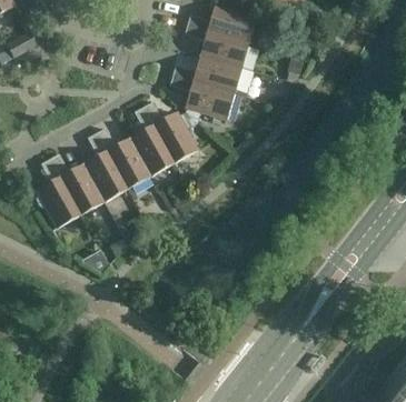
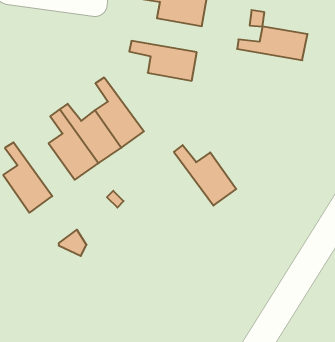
building: [172,54,241,91] -> [237,26,308,60]
building: [142,100,198,161] -> [174,145,236,206]
building: [49,152,103,213] -> none

